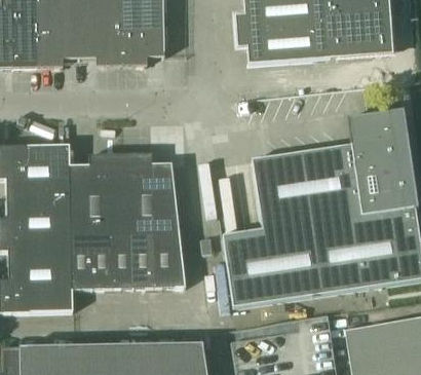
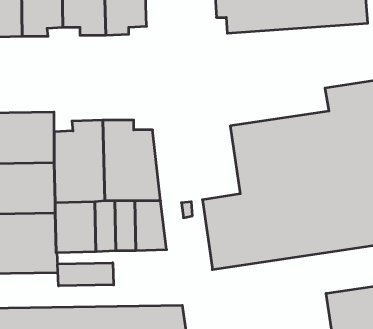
building: none -> [58,263,114,286]

